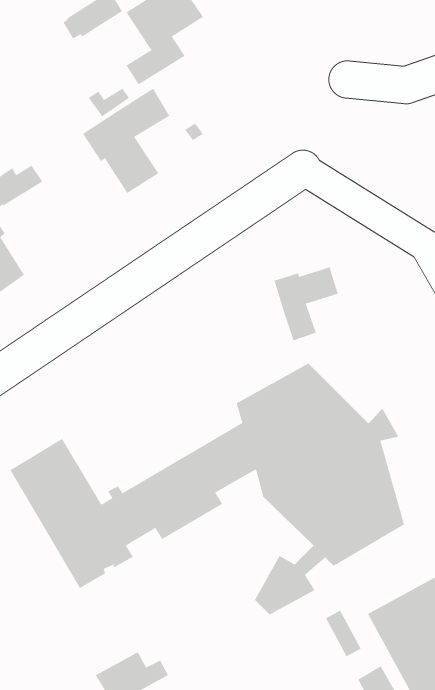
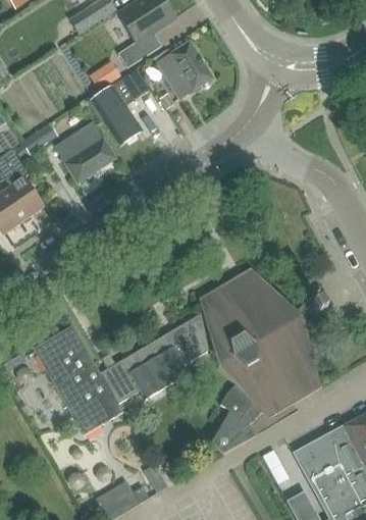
building: none -> [152,40,213,101]
building: none -> [54,121,117,185]
building: [274,267,338,341] -> none

